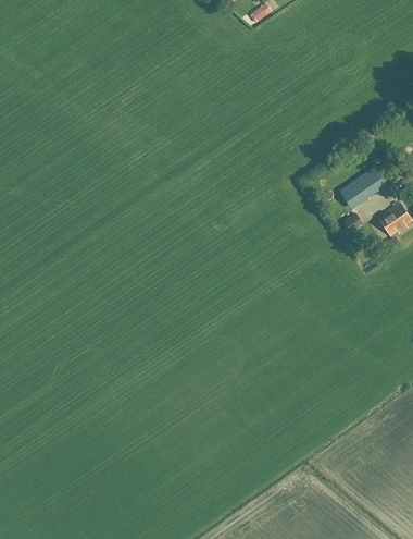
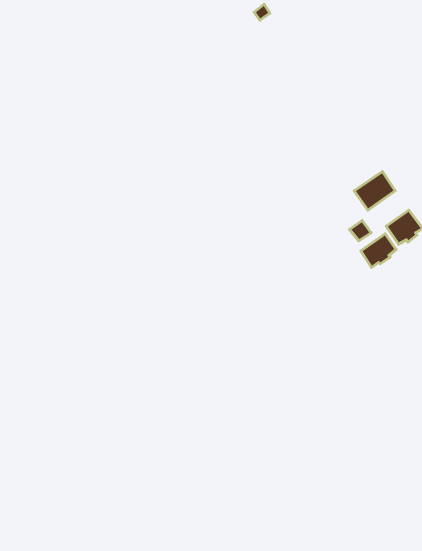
building: none -> [361,234,396,268]

